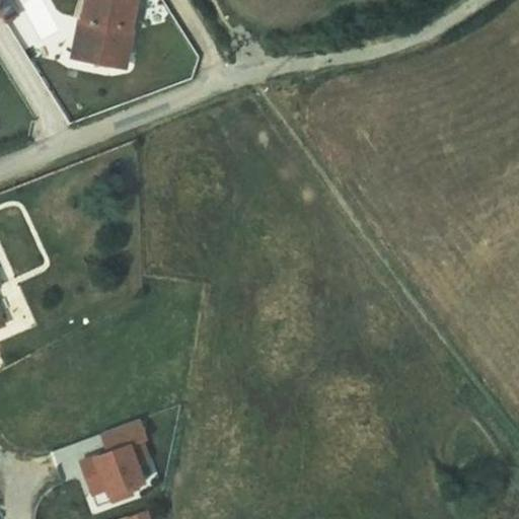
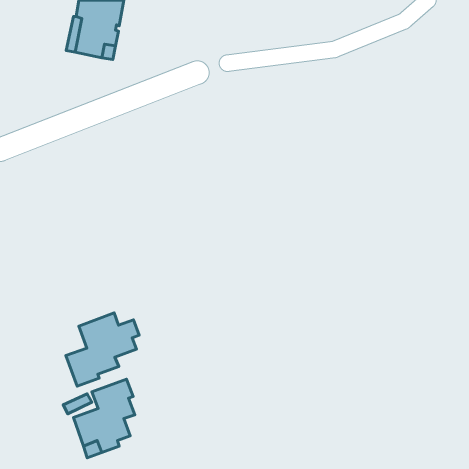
building: none -> [66,313,139,386]

